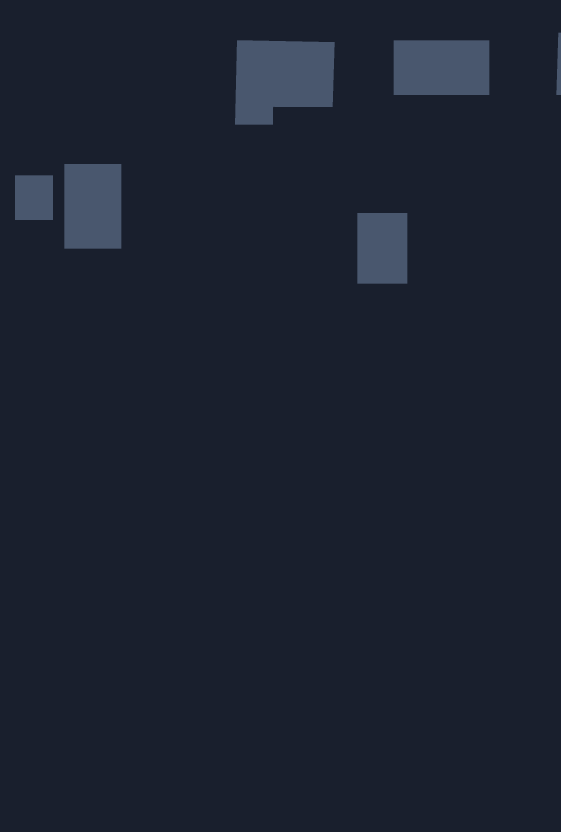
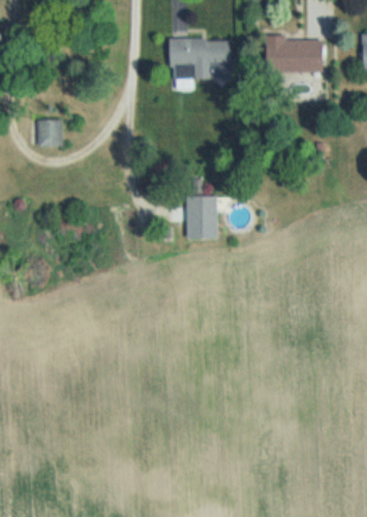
building: [64,163,122,250] -> none
building: [357,213,408,284] -> [186,195,217,238]

